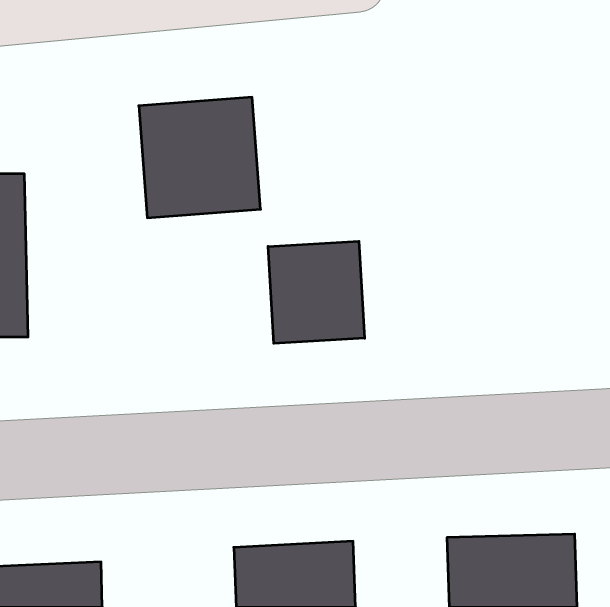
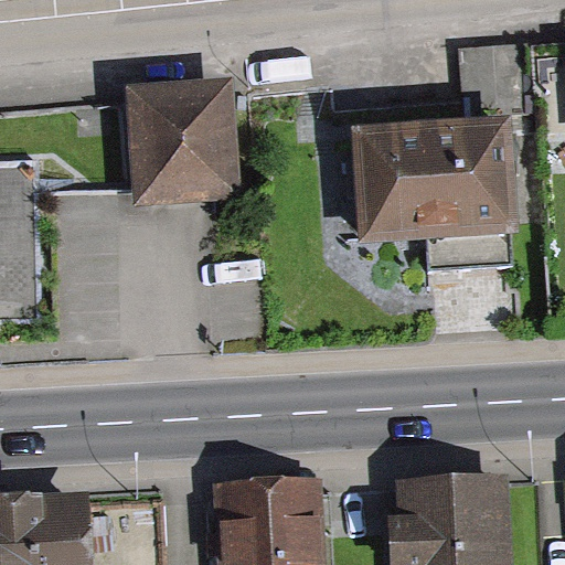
building: none -> [354,122,513,237]
building: [268,241,365,343] -> none

